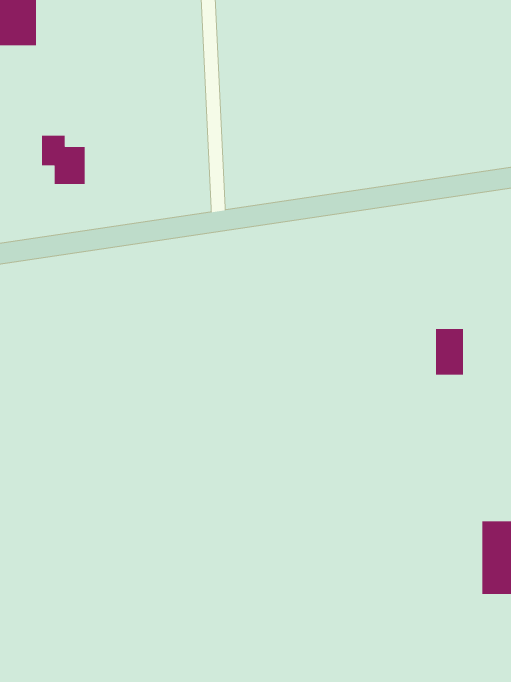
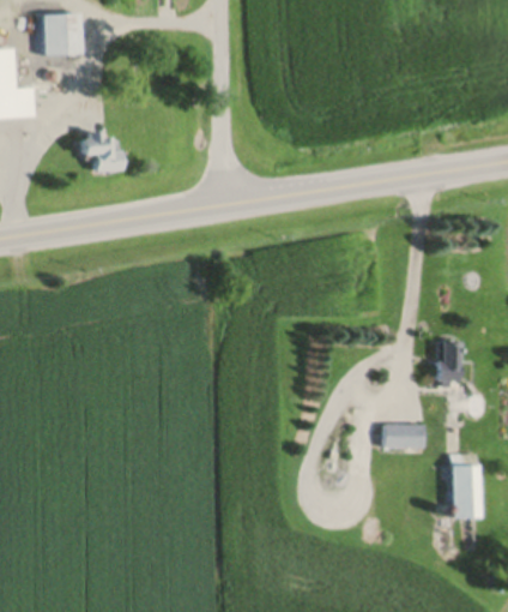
building: [435,328,464,375] -> [437,342,461,382]
building: none -> [385,425,425,450]

